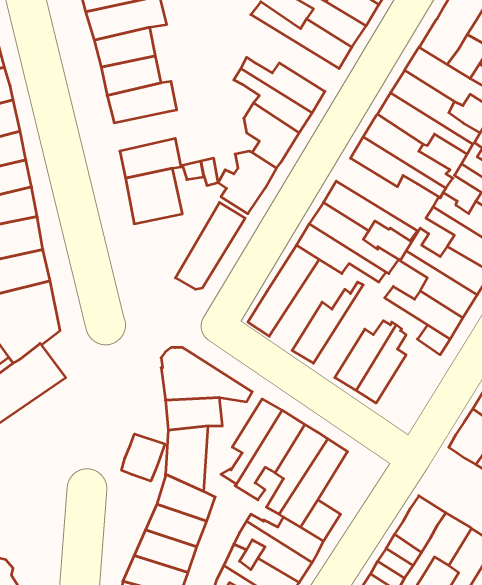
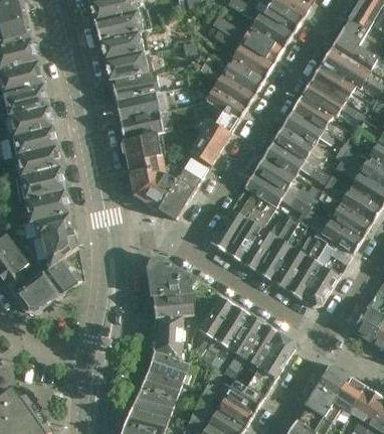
building: none -> [207,24,273,79]
building: none -> [115,90,169,121]
building: none -> [271,126,330,177]
building: none -> [129,153,189,210]
building: none -> [224,197,267,262]
building: none -> [255,215,299,281]
building: none -> [300,265,338,307]
building: [122,434,165,481] -> none
building: none -> [258,333,294,378]

